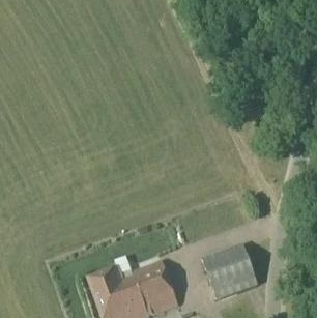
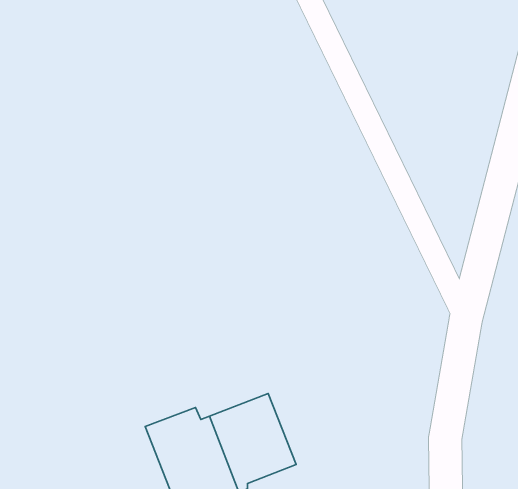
building: [204,244,258,300] -> none

